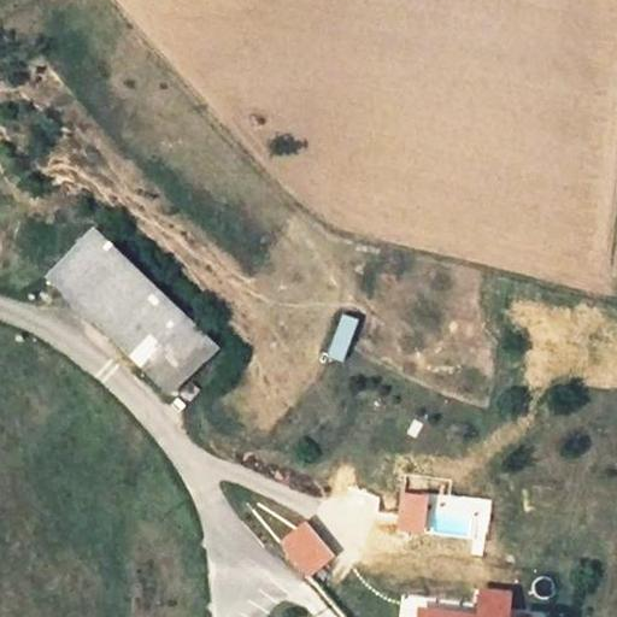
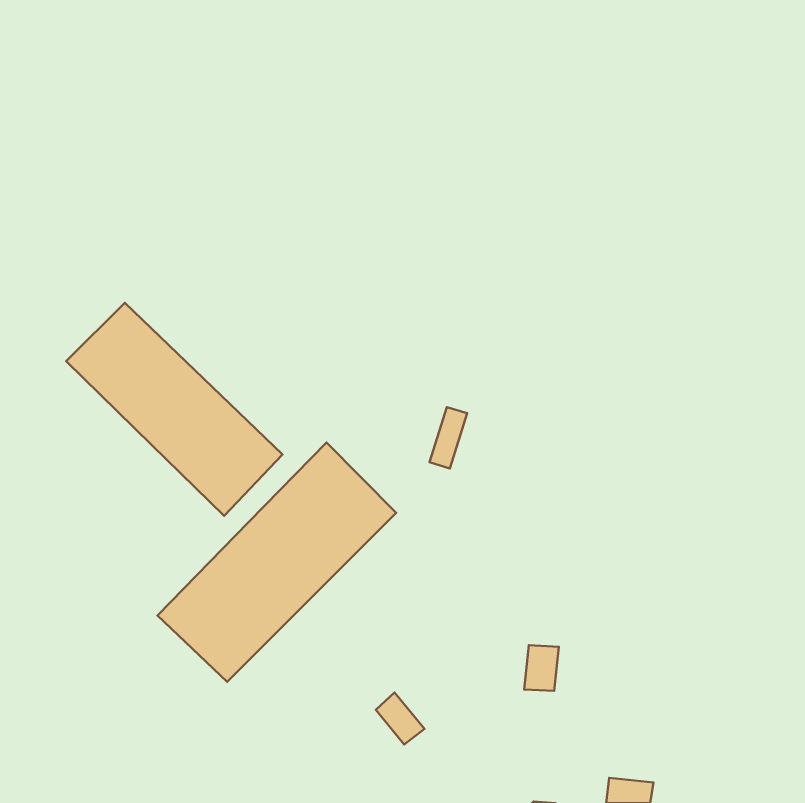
building: none -> [158,443,396,682]

